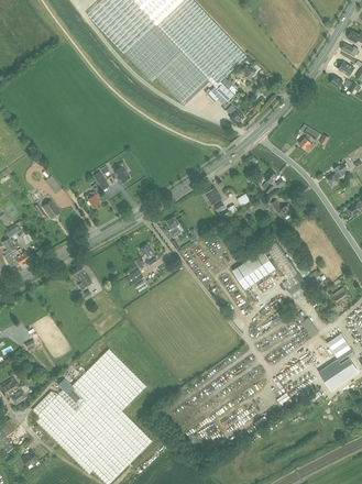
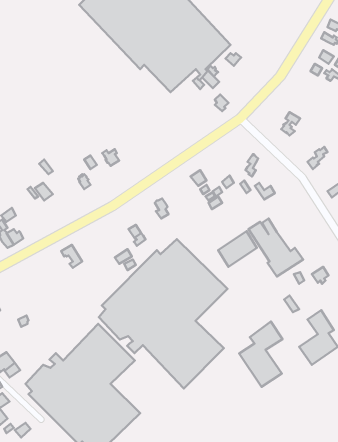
building: none -> [99,239,228,388]
building: none -> [239,322,283,387]

